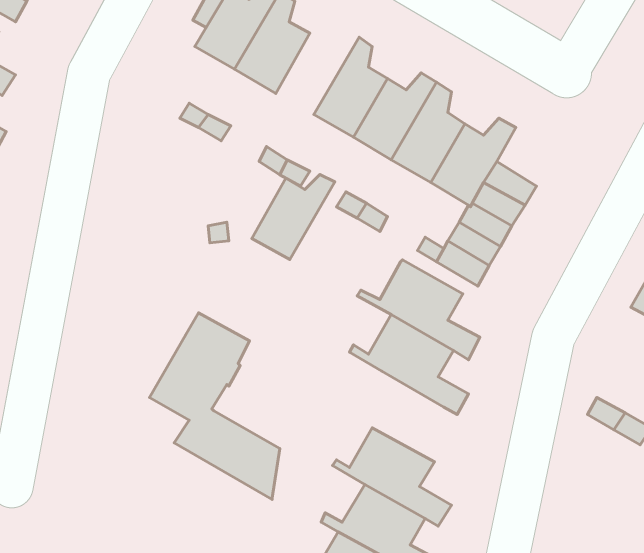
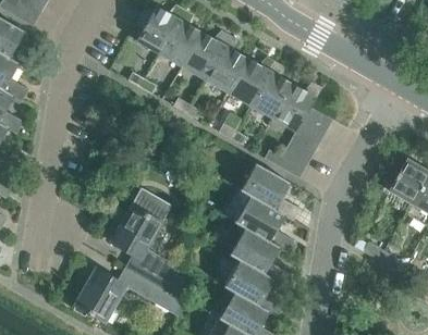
building: [252,174,335,259] -> [183,29,231,78]
building: none -> [219,226,290,284]
building: none -> [74,268,182,323]

